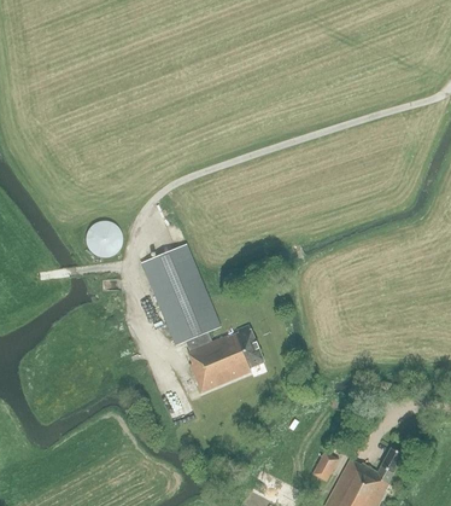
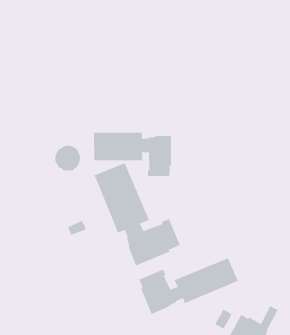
building: none -> [93,132,172,177]
building: none -> [139,257,238,315]

